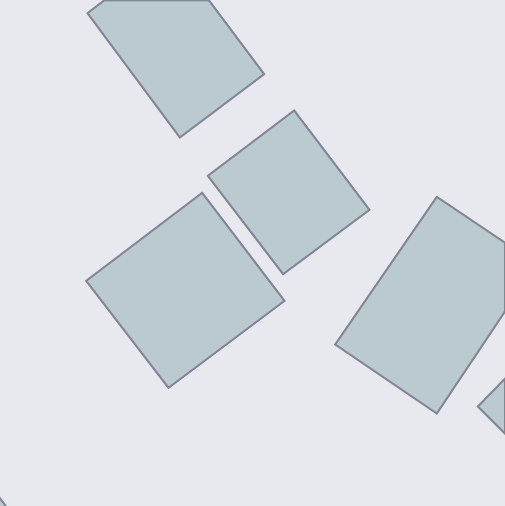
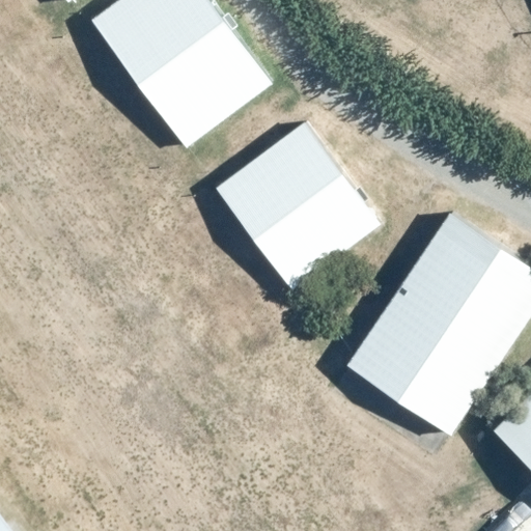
building: [86,193,284,388] -> none

